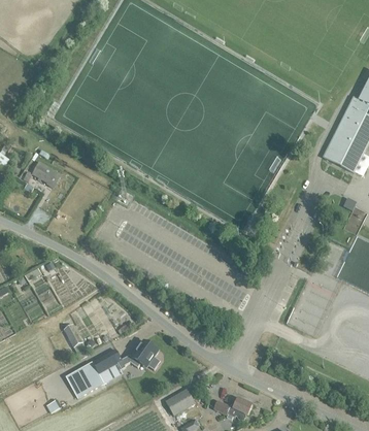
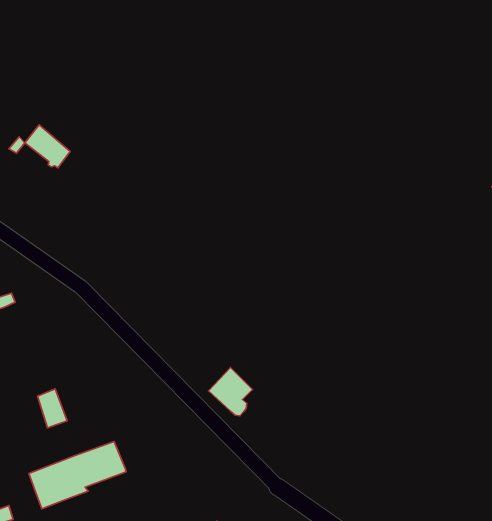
building: [129,336,156,365] -> [209,368,252,416]

